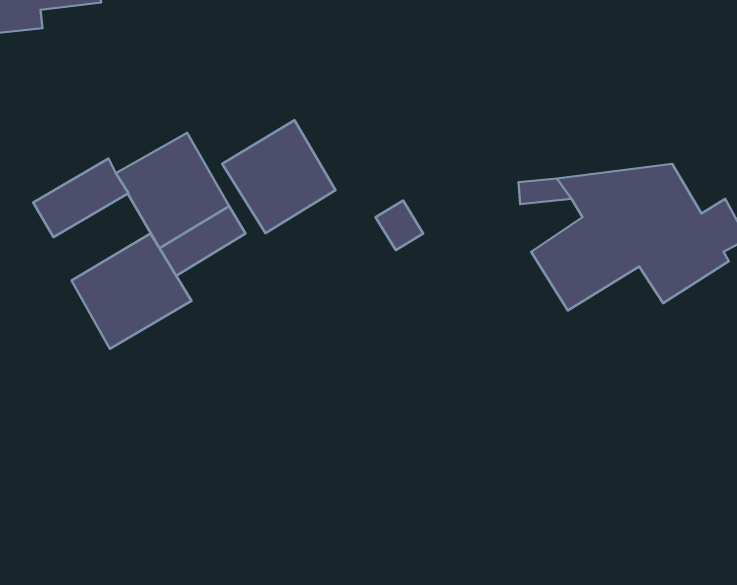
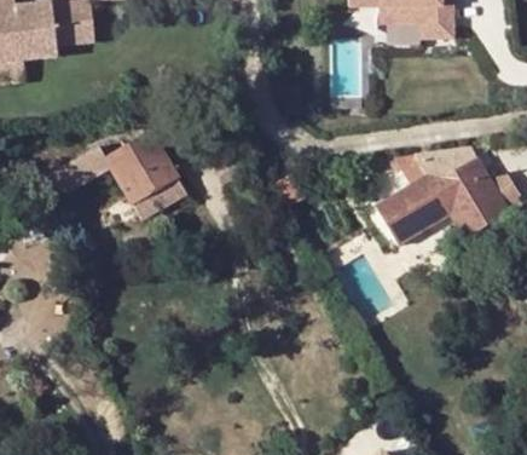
building: [222,120,335,233] -> none
building: [71,234,191,349] -> none

